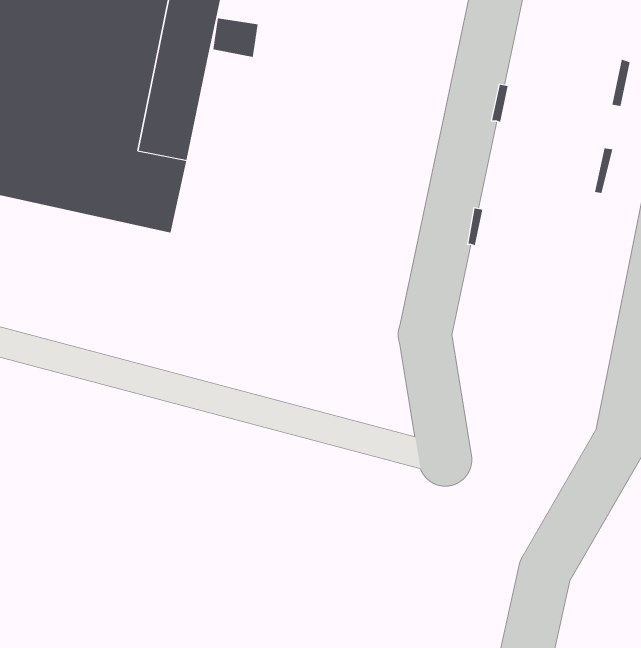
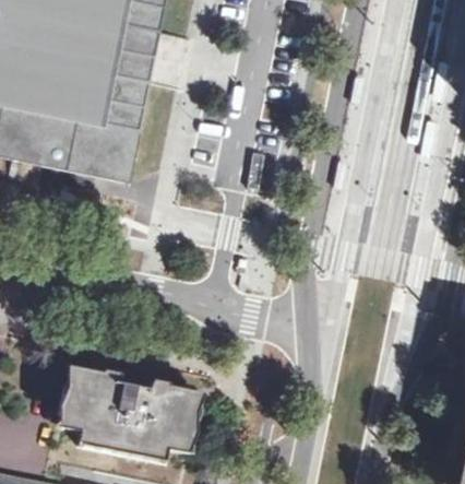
building: none -> [70,376,194,460]

